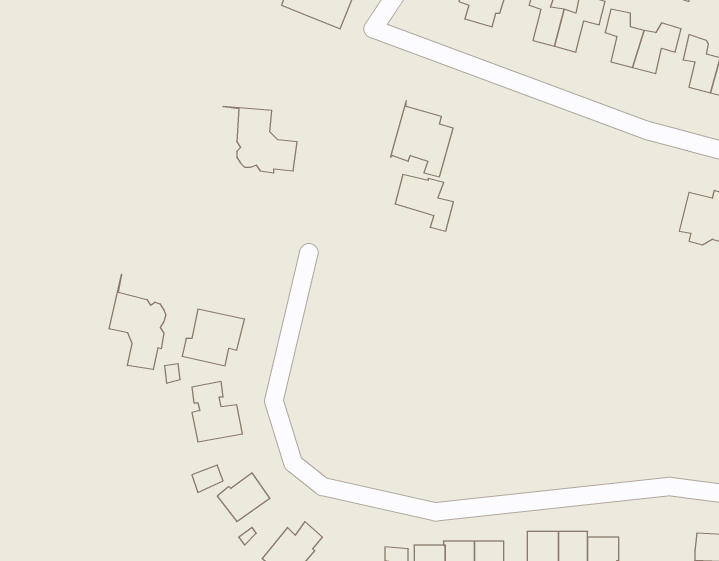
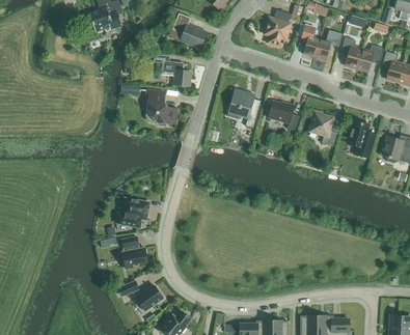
building: none -> [154,54,191,85]
building: none -> [309,110,336,146]
building: none -> [347,120,375,158]
building: [395,175,453,231] -> [268,101,299,131]
building: [109,274,166,370] -> none

